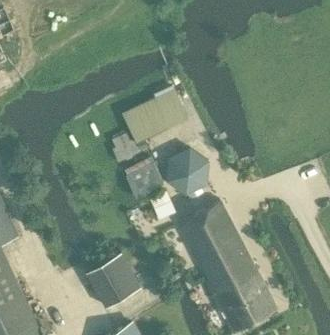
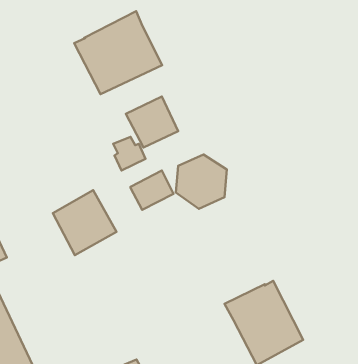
building: none -> [74,11,162,94]
building: [181,203,251,279] -> none
building: [87,253,142,309] -> [53,190,116,255]

